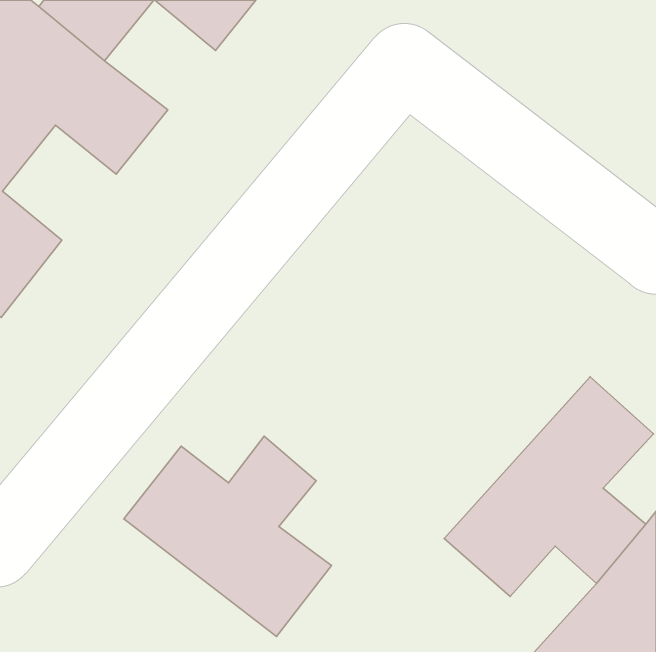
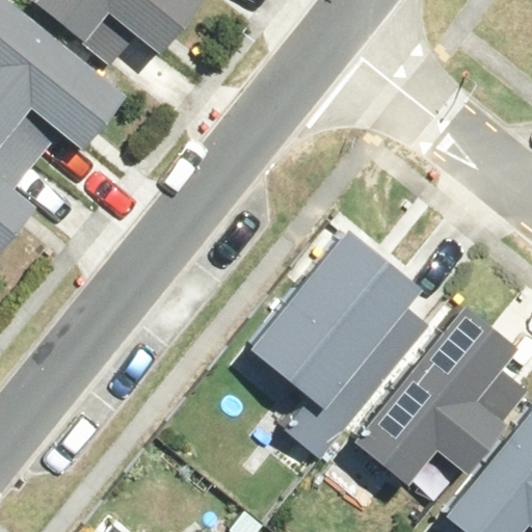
building: none -> [254,236,413,455]
building: [124,436,331,636] -> none

